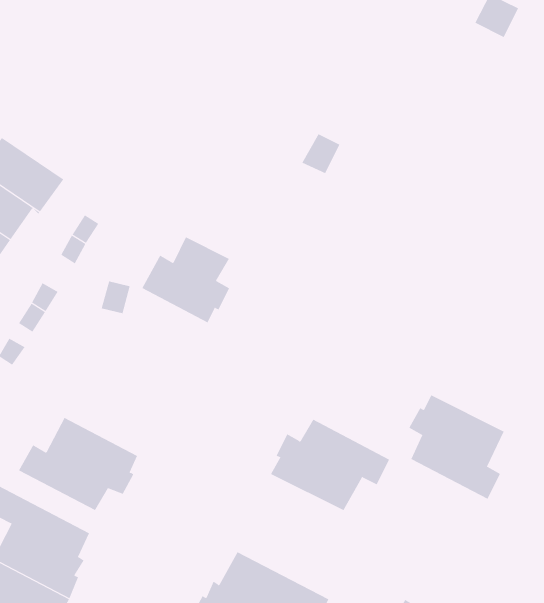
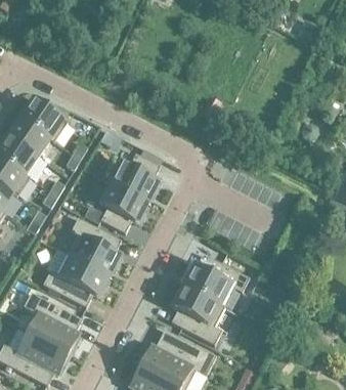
building: none -> [100,183,147,233]
building: none -> [68,218,121,276]
building: [409,395,504,500] -> [170,287,223,345]

